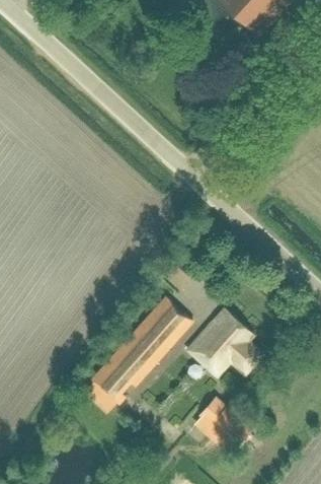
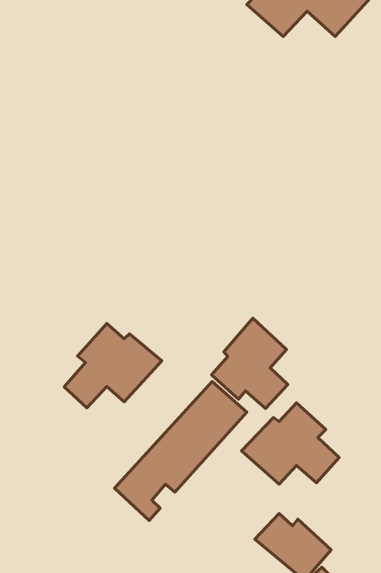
building: none -> [211,318,288,409]
building: none -> [64,324,162,408]

